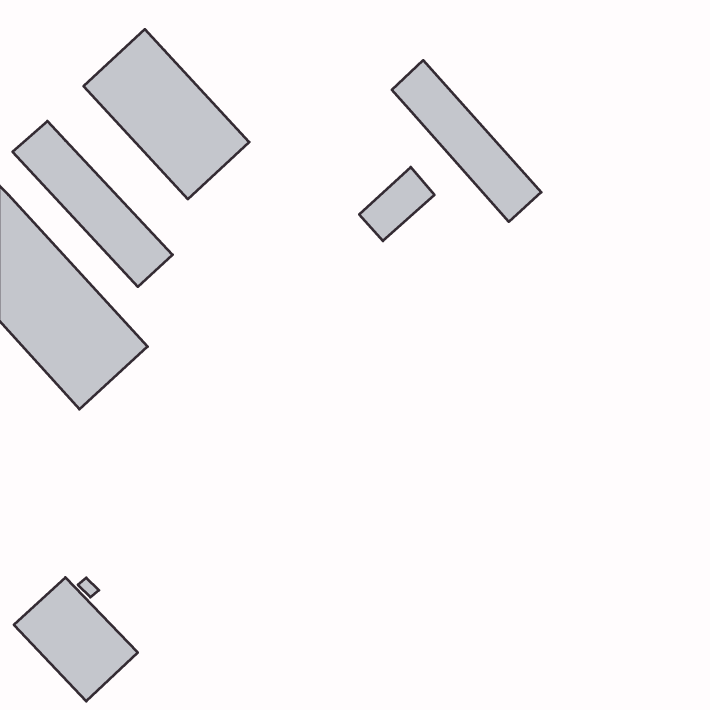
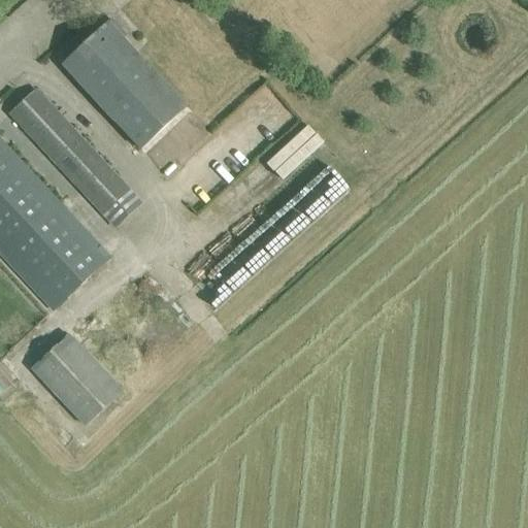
building: [392,60,541,222] -> none
building: [14,577,138,701] -> [30,334,122,426]

